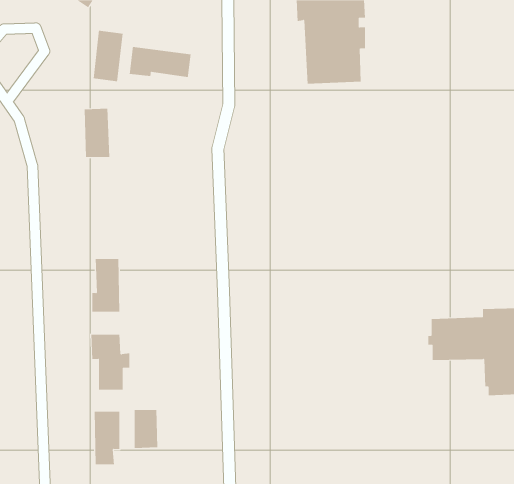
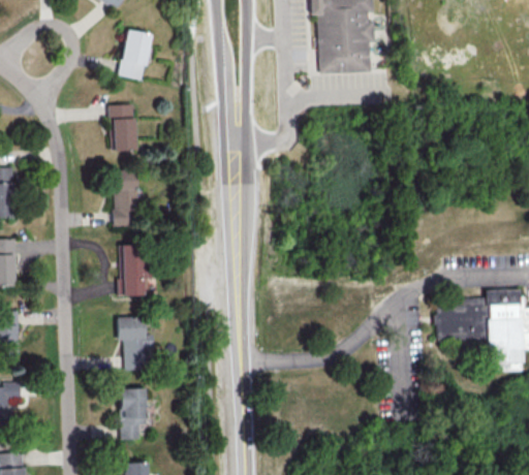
building: [129,46,191,78] -> none
building: none -> [113,170,137,225]
building: [134,409,158,449] -> none

